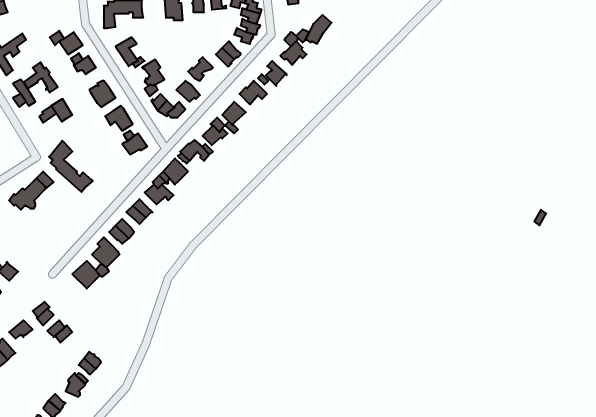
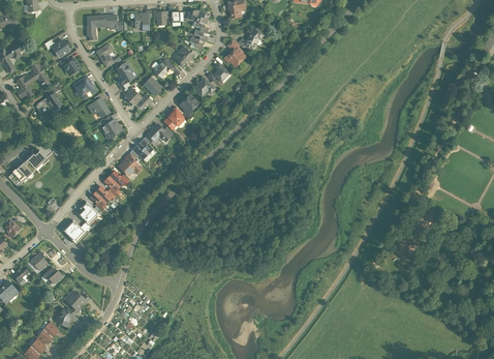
building: [49,141,93,192] -> none

